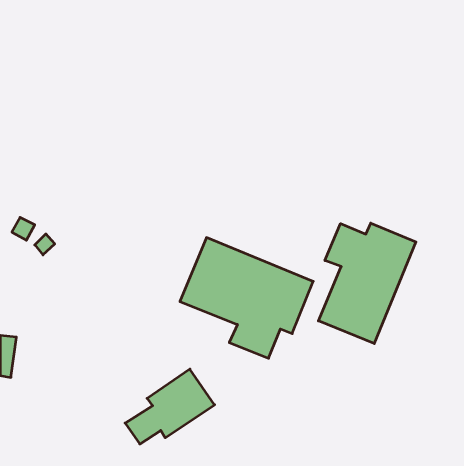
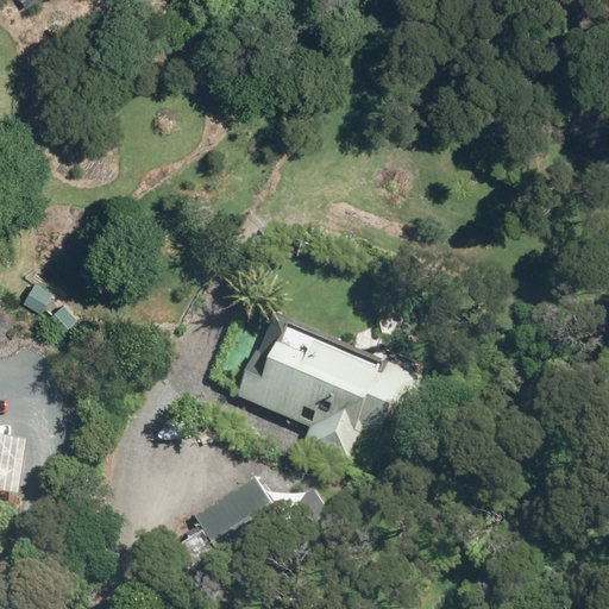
building: [318,223,416,344] -> none

